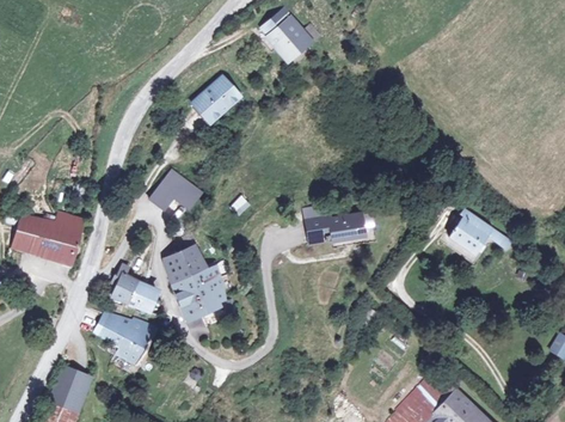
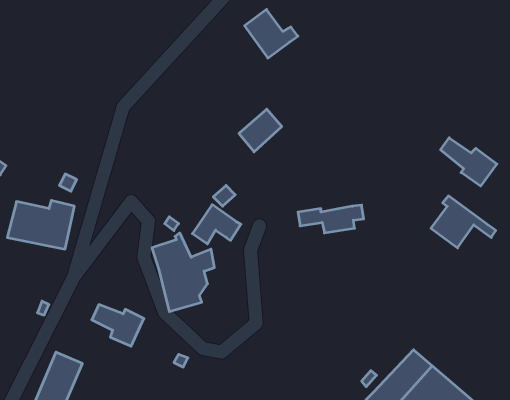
building: [191,78,235,122] -> [239,109,282,152]
building: none -> [441,138,497,186]
building: [151,170,201,210] -> [192,205,241,244]
building: [111,267,158,314] -> none

